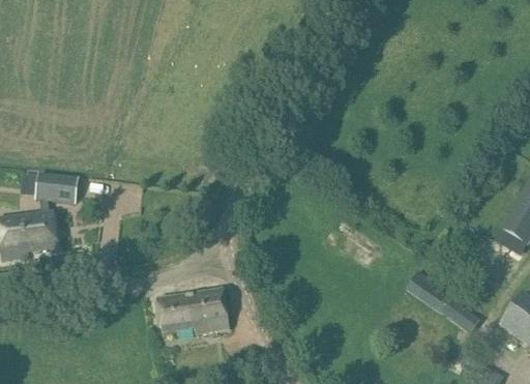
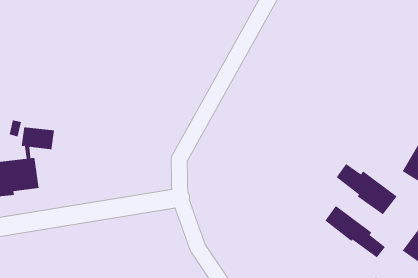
building: none -> [336,163,397,215]
building: [156,289,230,334] -> none

